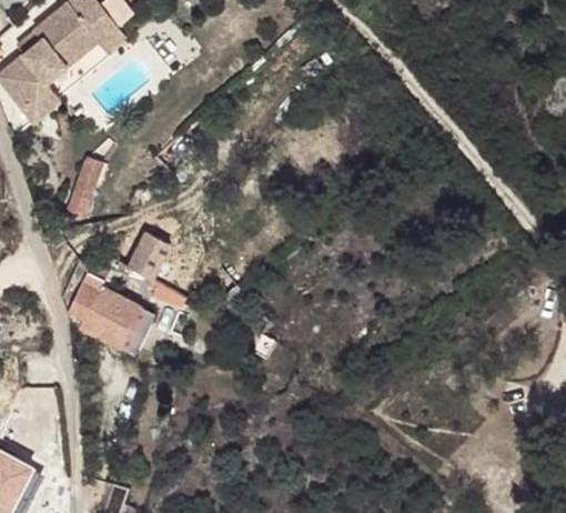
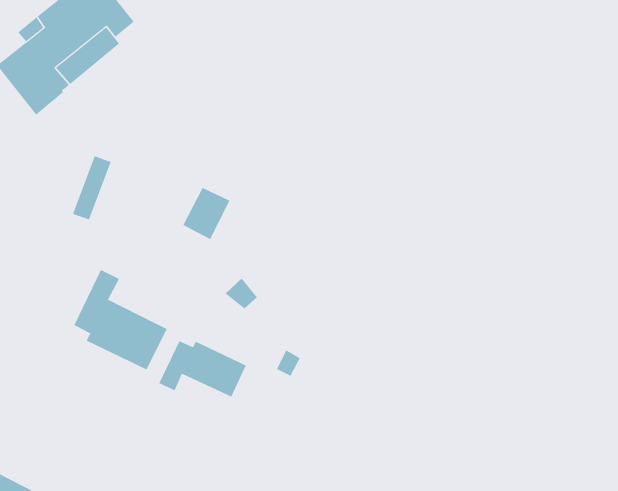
building: [127,232,170,280] -> [183,187,230,240]
building: none -> [158,341,246,397]

